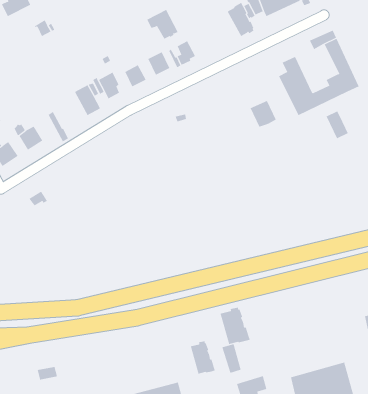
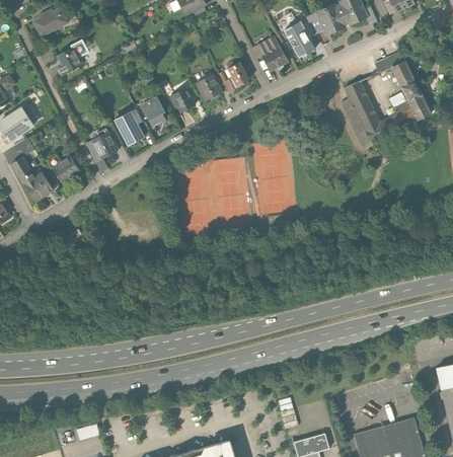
building: [146,9,178,39] -> [251,36,287,70]
building: none -> [57,47,82,75]
building: [250,100,276,127] -> none
building: none -> [89,129,117,159]
building: [326,110,349,139] -> none
building: [220,307,250,345] -> none
building: [190,341,216,374] -> none

